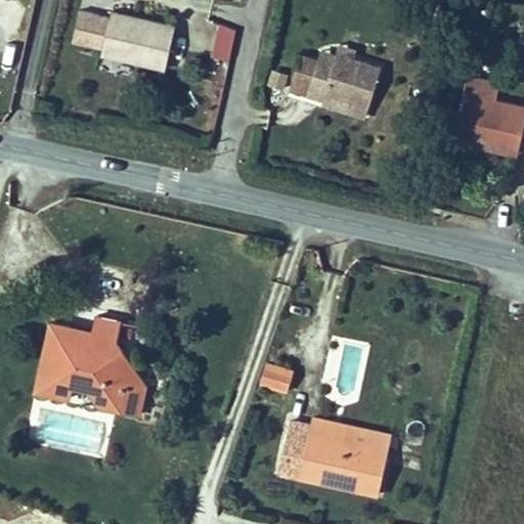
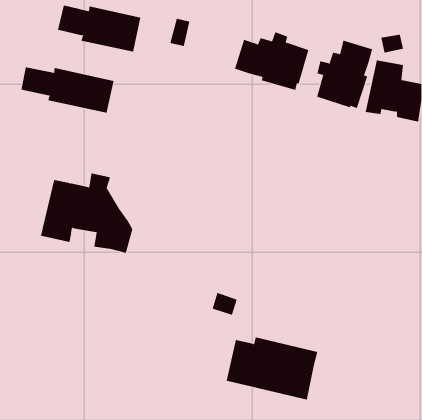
building: none -> [317,40,373,109]
building: none -> [21,66,114,114]
building: [33,315,147,414] -> [40,173,133,253]

